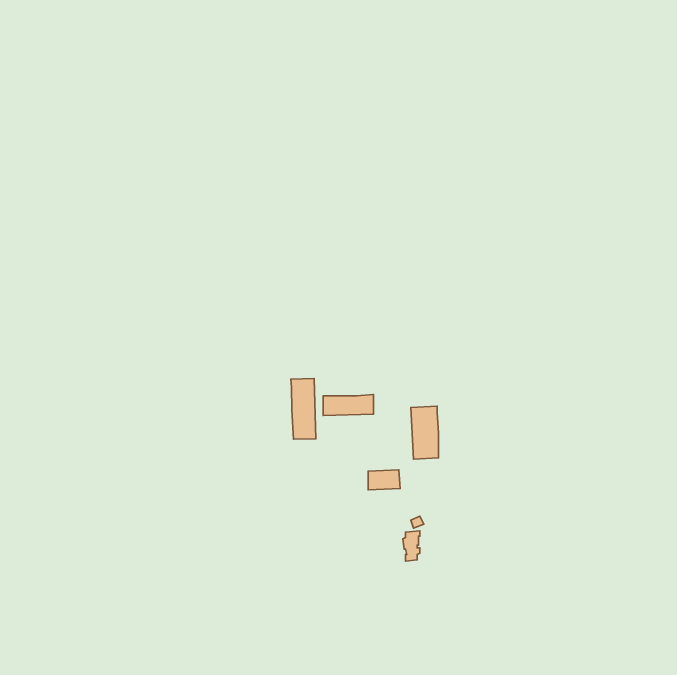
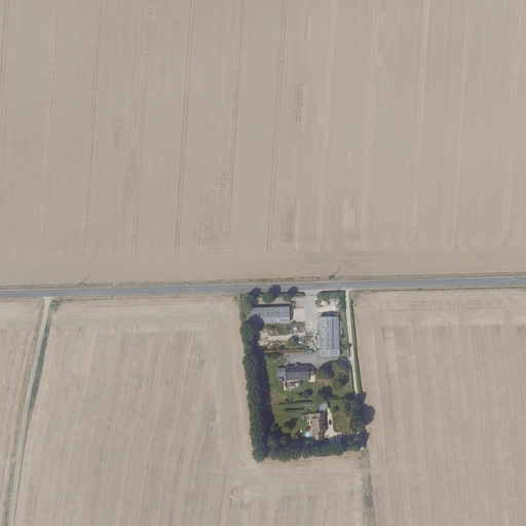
building: [291,378,316,439] -> none

